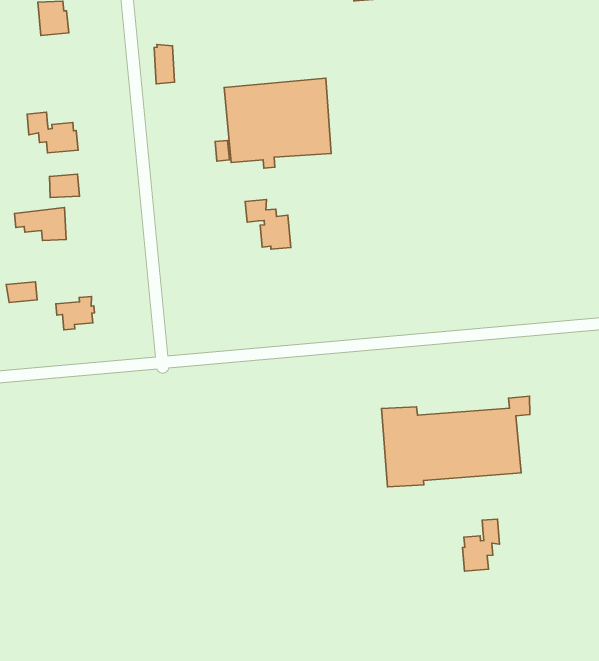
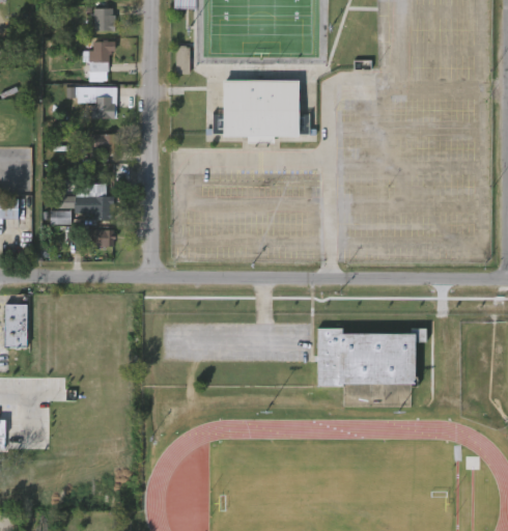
building: none -> [82,40,112,71]
building: [245,200,291,249] -> none
building: [15,207,66,240] -> [75,195,112,219]
building: [463,519,499,571] -> none

